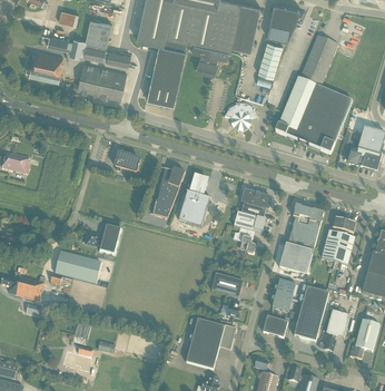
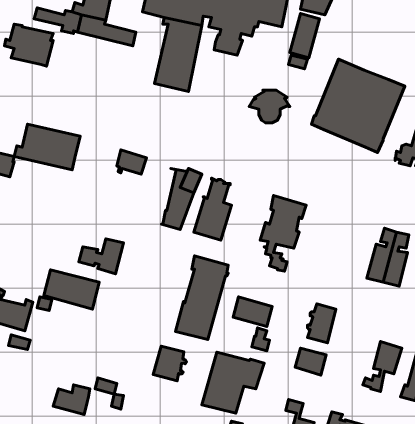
building: [299,33,337,84] -> none
building: [71,61,126,99] -> [14,124,80,170]
building: [279,204,323,273] -> [175,256,228,339]
building: [294,285,328,340] -> none
building: none -> [153,346,186,381]

